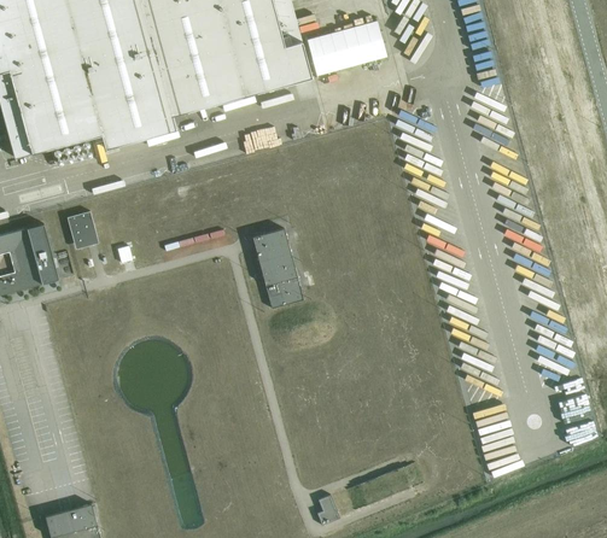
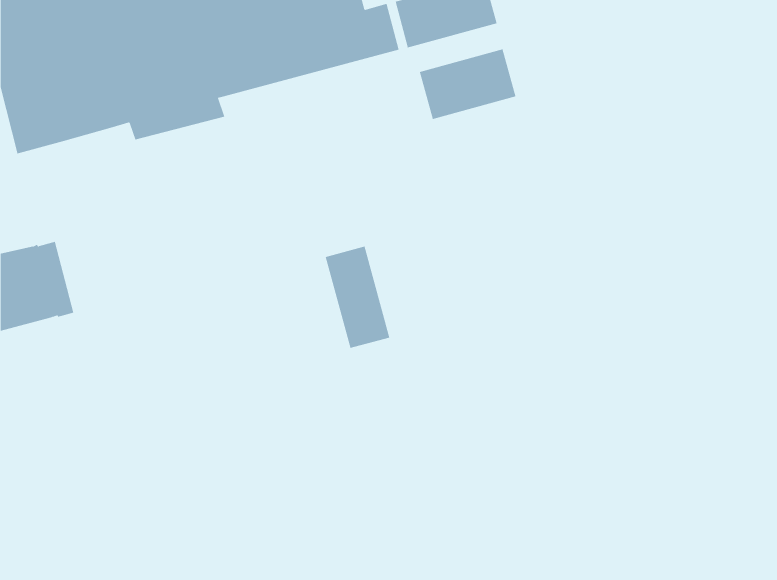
building: none -> [419,49,516,120]
building: [66,211,97,244] -> none

